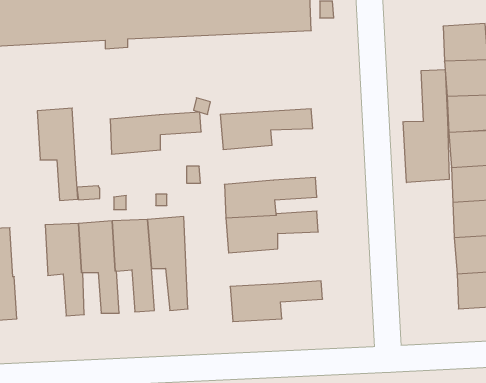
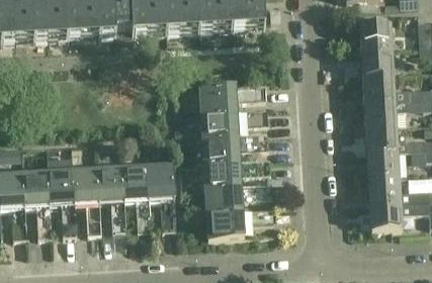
building: [403,69,449,183] -> none
building: [37,108,78,200] -> [48,164,77,230]
building: [110,112,201,154] -> [201,104,267,134]
building: none -> [205,179,272,208]

